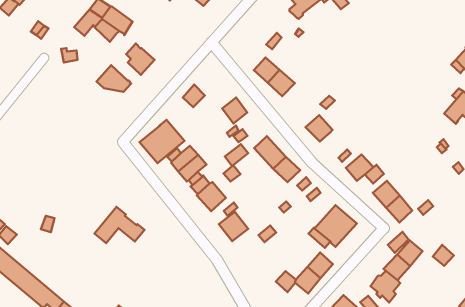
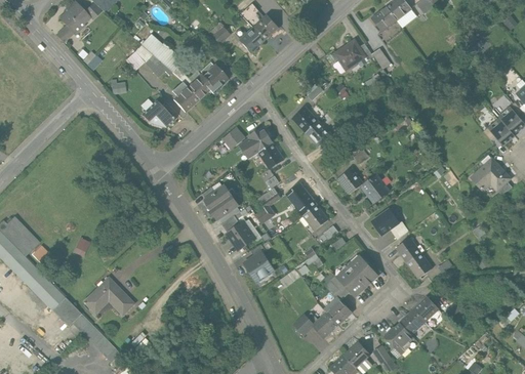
building: none -> [172,64,228,98]
building: none -> [240,127,274,158]
building: none -> [361,173,389,201]
building: [139,120,185,163] -> none
building: [94,207,144,243] -> [84,278,132,313]

